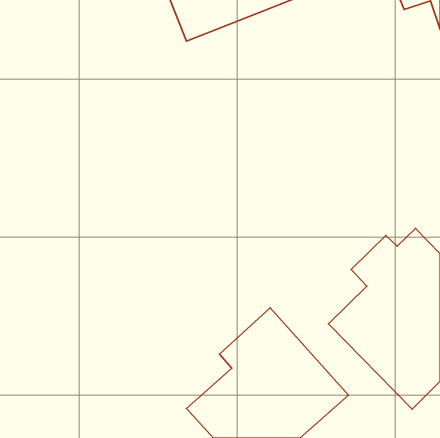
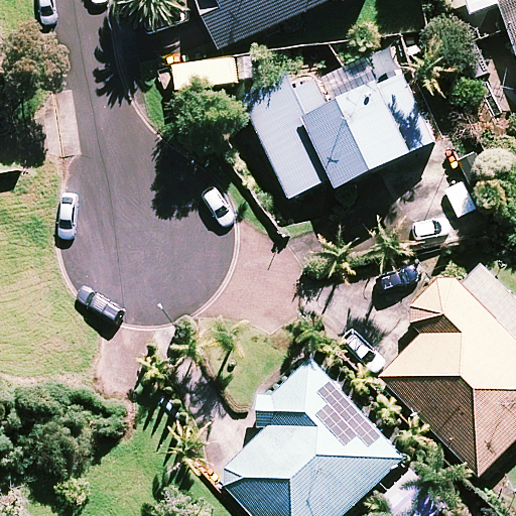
building: none -> [246,74,436,197]

